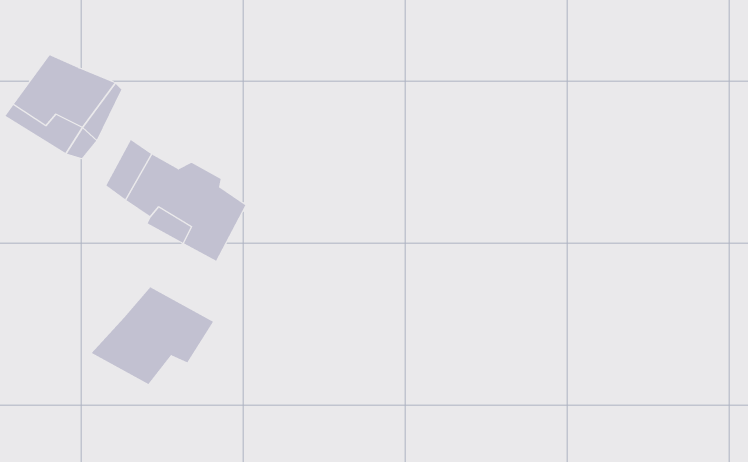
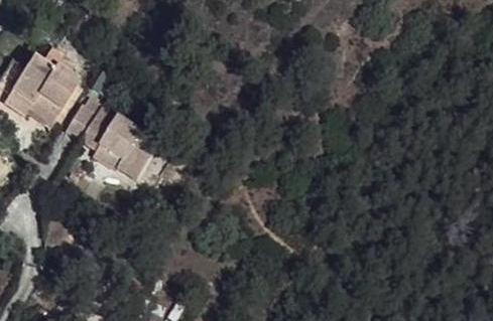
building: [91,286,214,385] -> none

